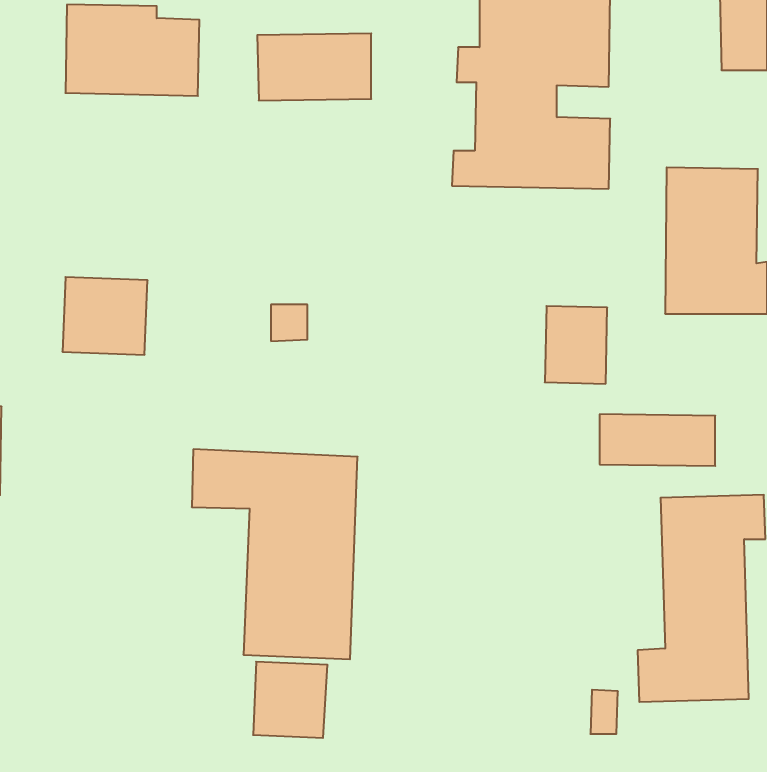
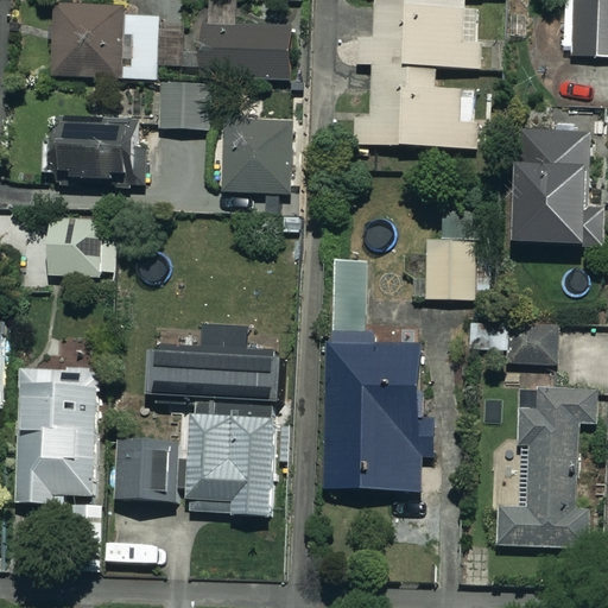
building: none -> [159,83,205,128]
building: none -> [43,118,141,180]
building: none -> [223,119,287,192]
building: none -> [325,258,428,490]
building: none -> [15,368,99,506]
building: [253,662,328,738] -> [116,442,175,501]

